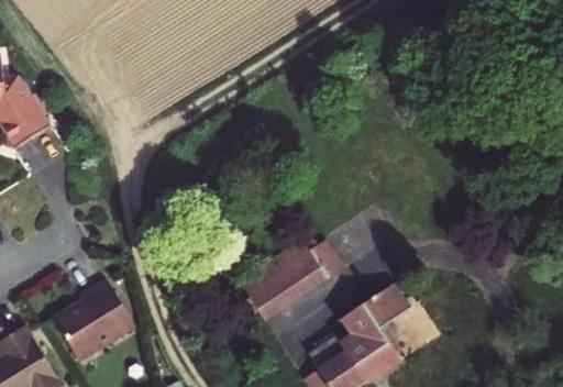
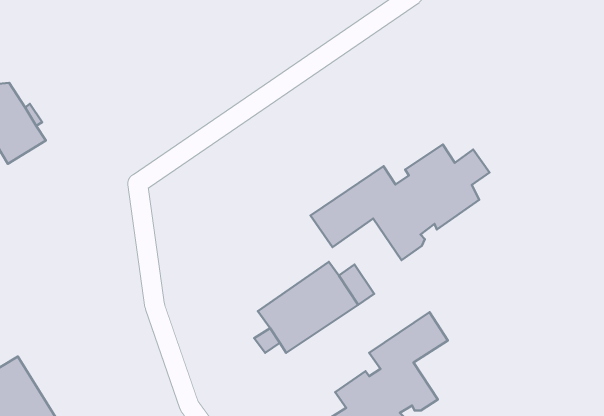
building: none -> [310,144,490,260]
building: [52,277,133,357] -> none

